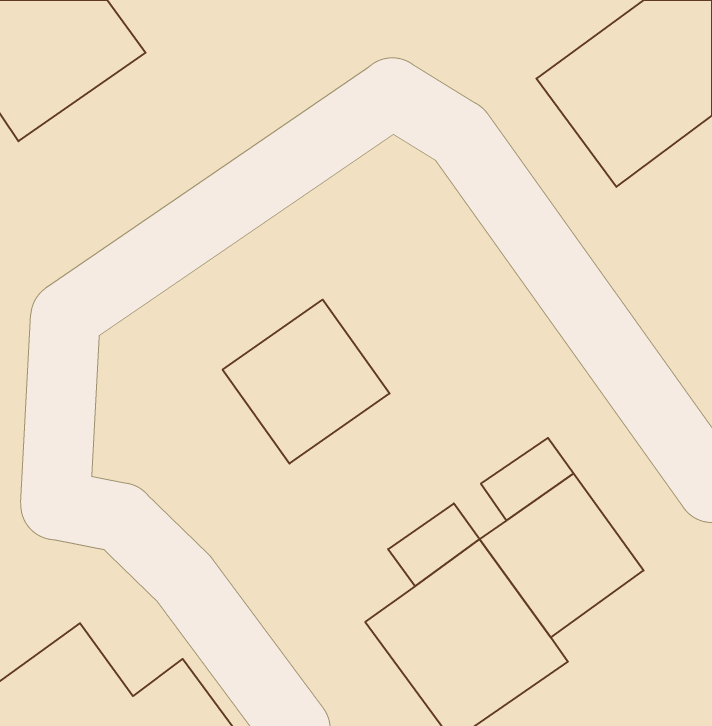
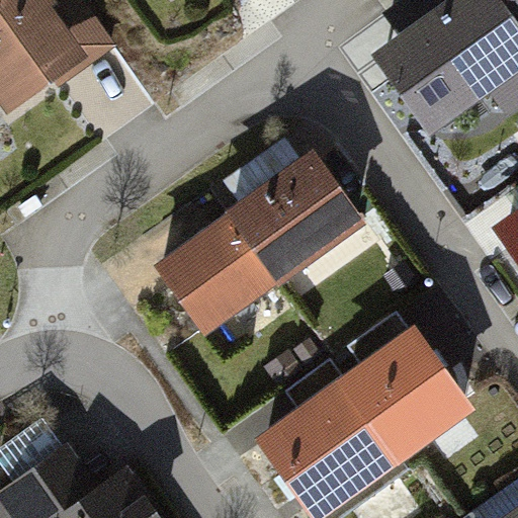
building: none -> [229,152,364,281]

